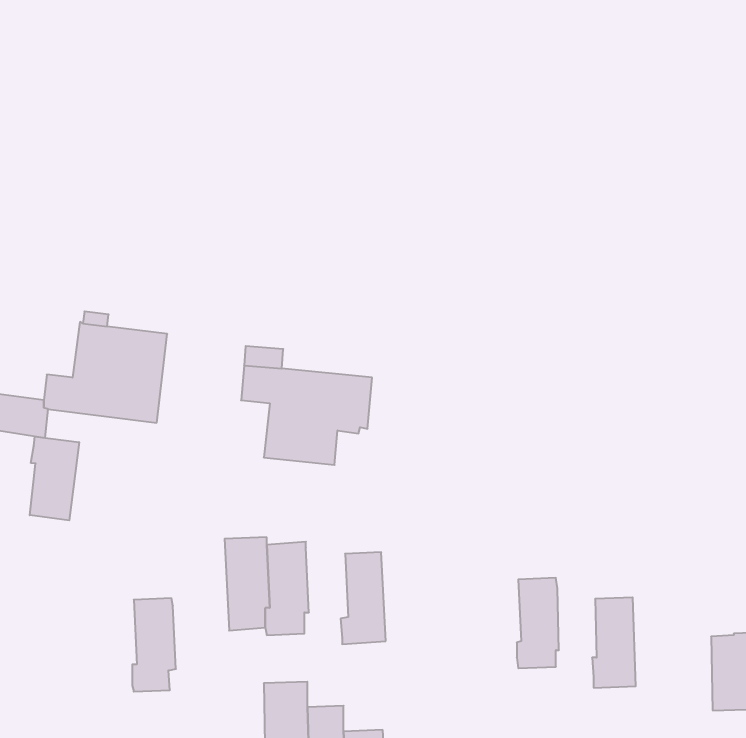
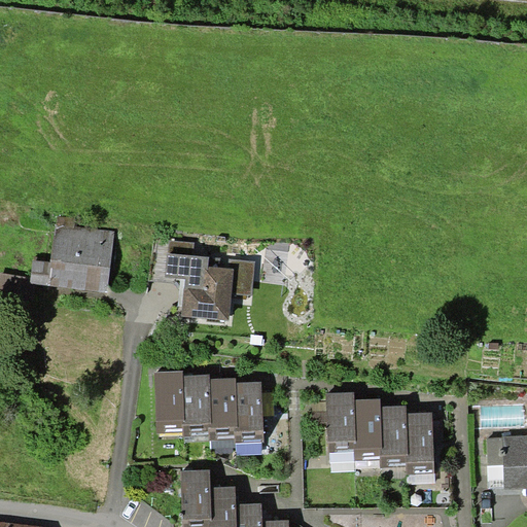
building: [30,437,79,520] -> none
building: none -> [326,391,357,454]
building: none -> [381,406,409,467]
building: [132,598,176,692] -> [209,377,239,441]

